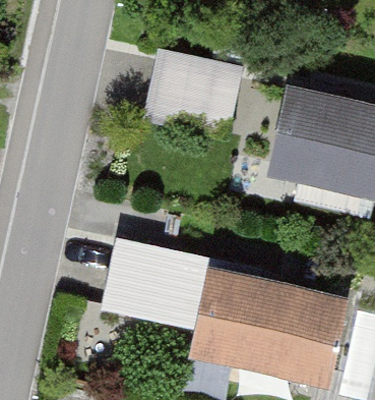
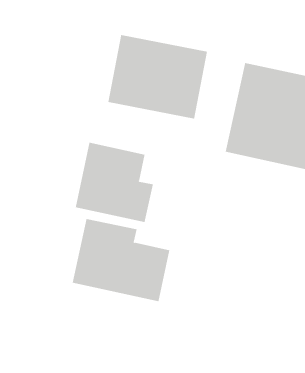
building: none -> [75,142,154,223]
building: [193,273,340,370] -> none

